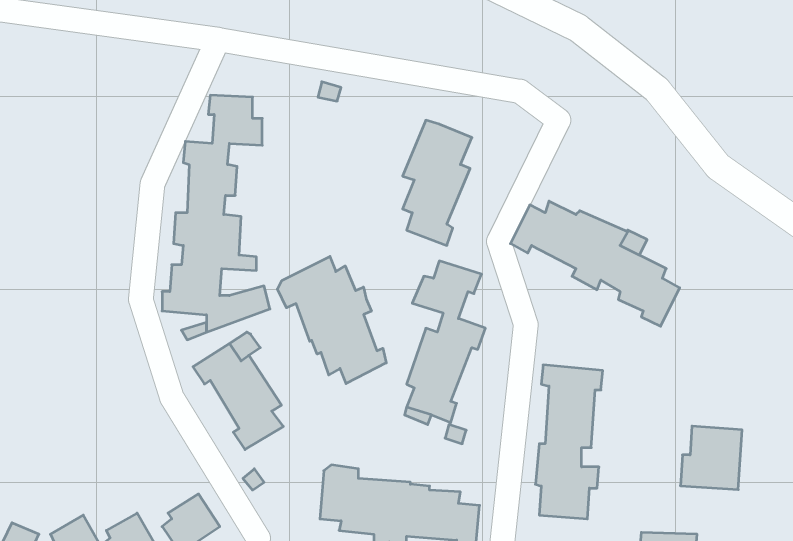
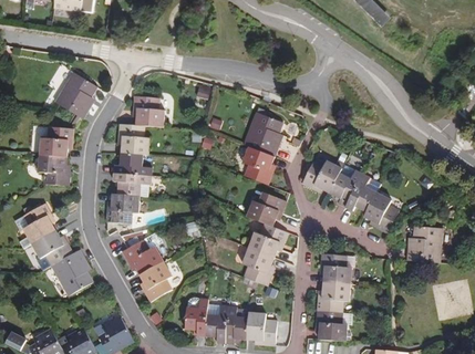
building: none -> [55,73,99,121]
building: none -> [40,131,74,189]
building: [277,256,386,384] -> none
building: none -> [16,208,95,301]
building: [680,426,742,490] -> [405,217,441,253]

